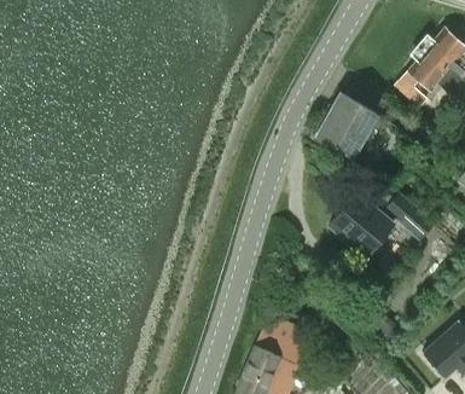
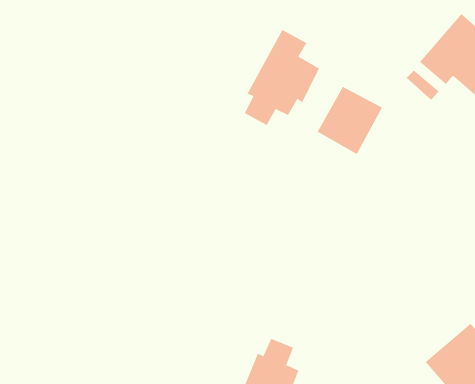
building: none -> [244,29,320,126]
building: [331,193,434,256] -> none

